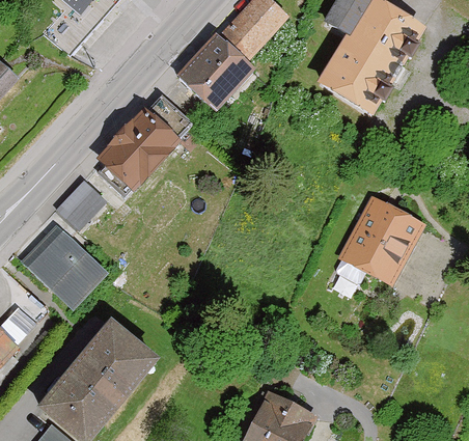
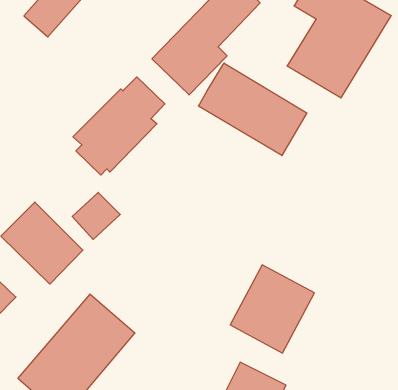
building: none -> [198,63,307,156]
building: [55,178,105,227] -> [72,192,120,239]
building: [337,193,424,284] -> [230,265,314,353]

